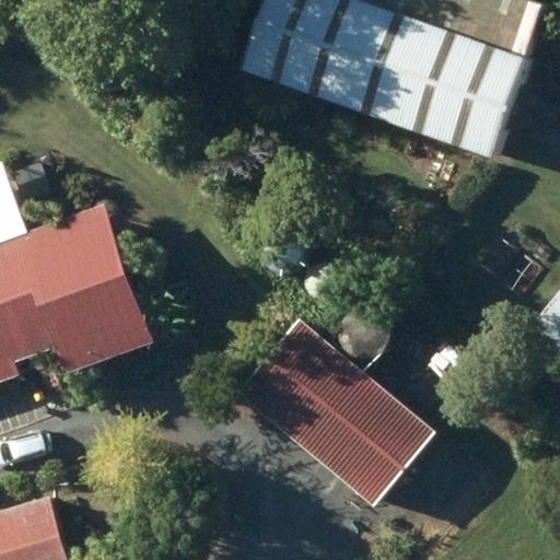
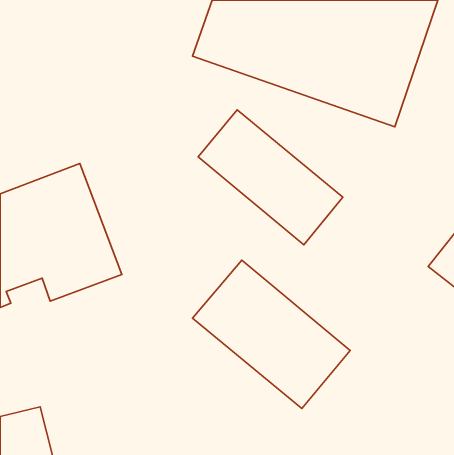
building: none -> [198,110,343,245]

